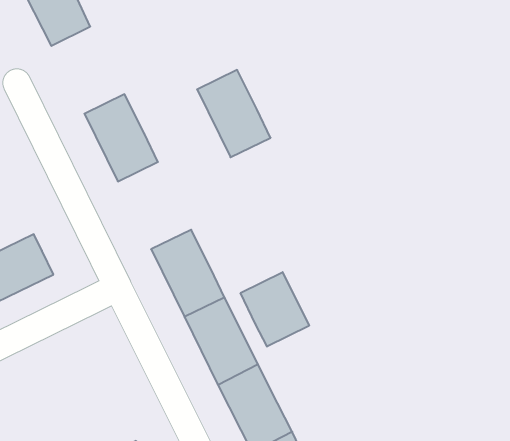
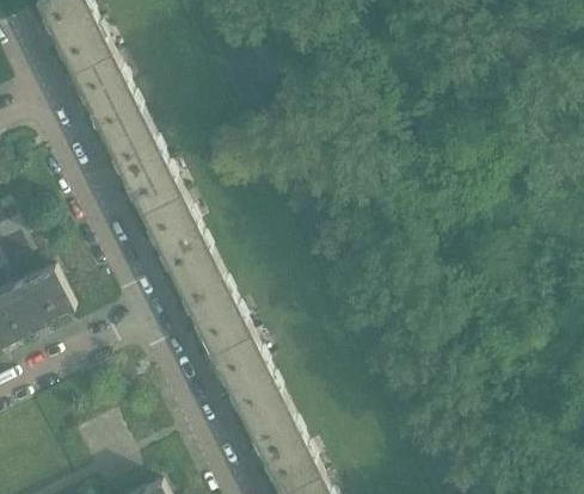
building: none -> [70,54,147,144]
building: [197,70,271,157] -> [140,194,216,285]
building: [241,272,309,347] -> none

